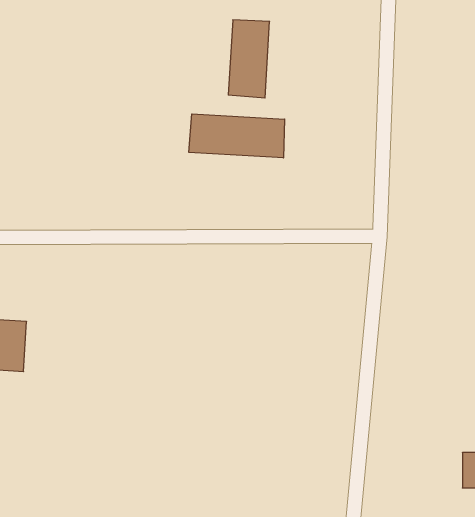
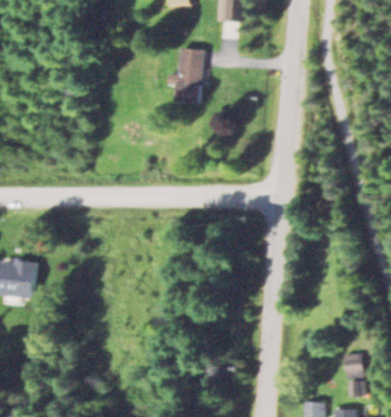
building: [189,114,285,158] -> none

